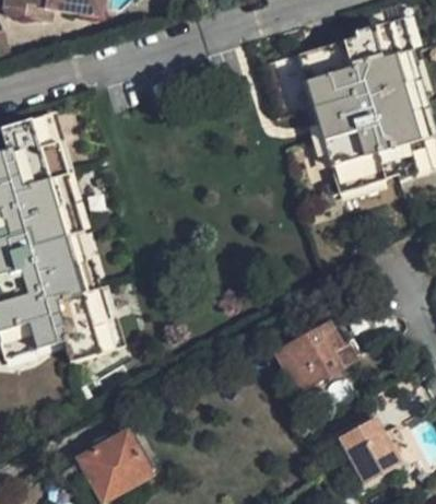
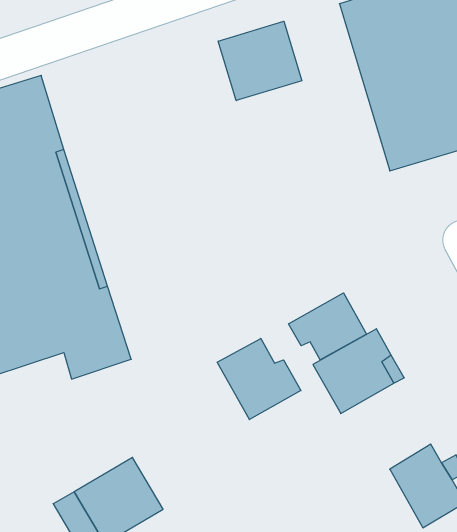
building: none -> [218,21,302,101]
building: none -> [289,293,367,360]
building: none -> [217,338,301,420]

